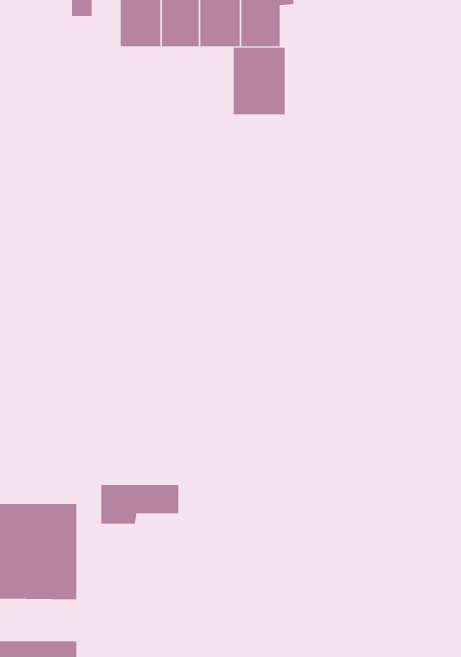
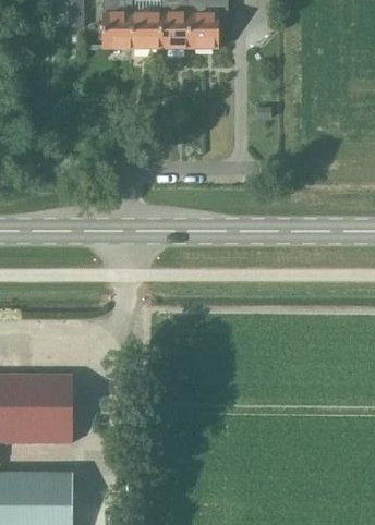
building: [233,47,285,115] -> none
building: [101,484,179,524] -> none

